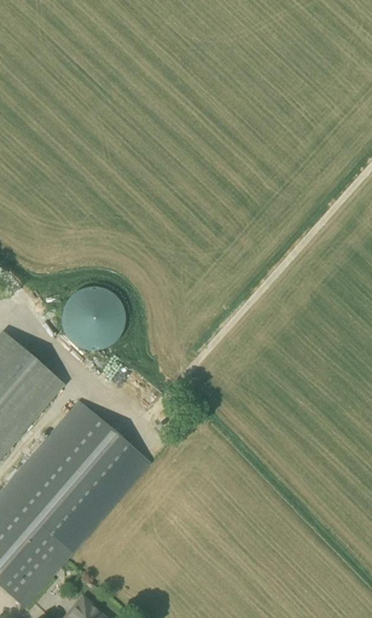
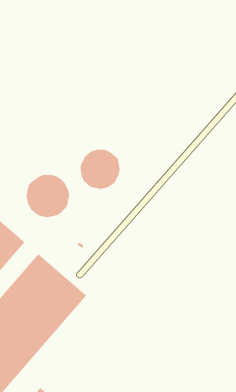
building: none -> [80,149,121,190]

